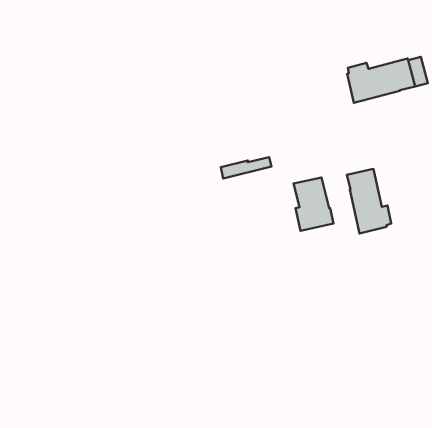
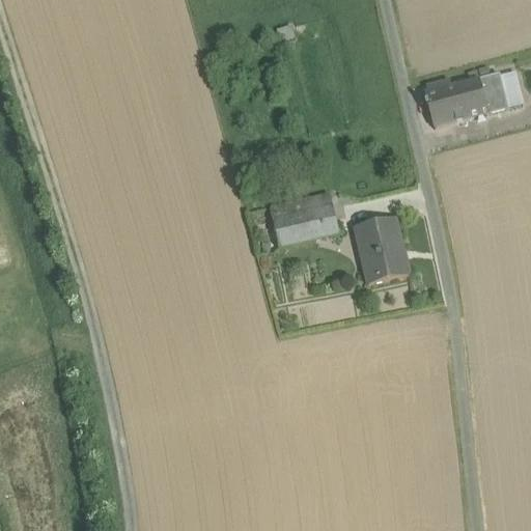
building: none -> [273,203,338,245]
building: [347,169,391,234] -> none

